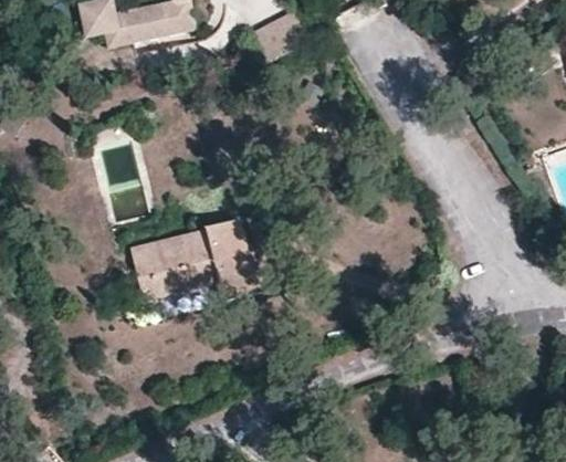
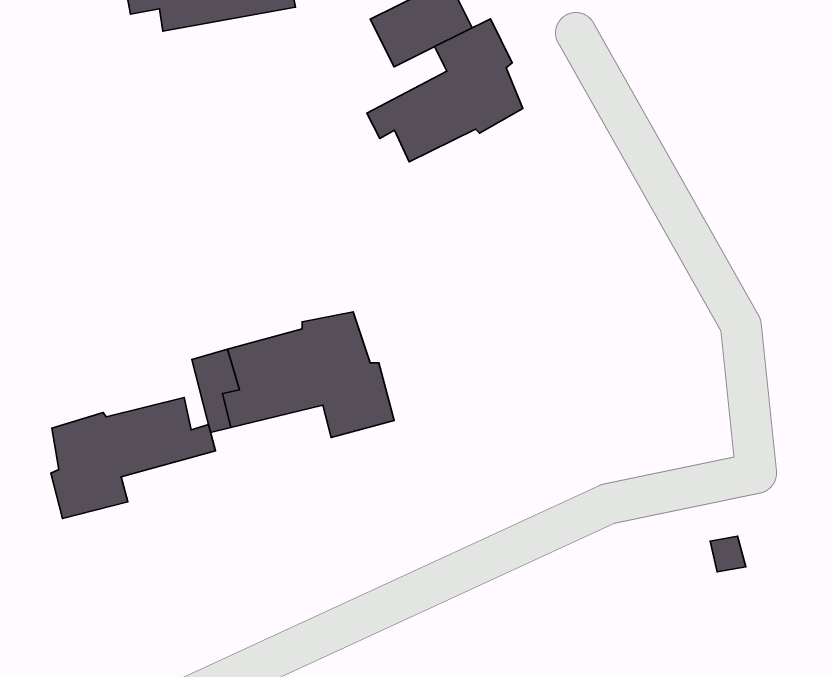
building: none -> [367,19,523,162]
building: none -> [51,397,216,518]

